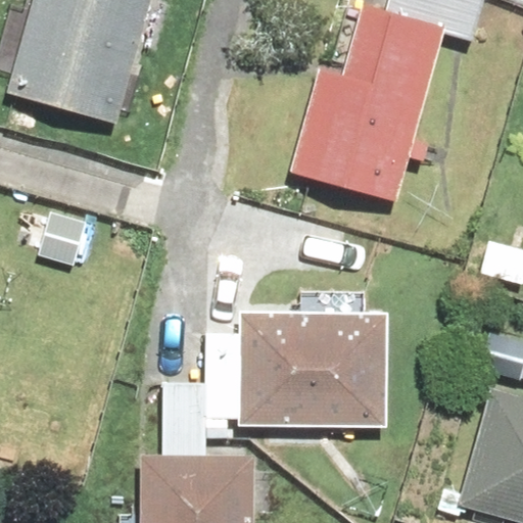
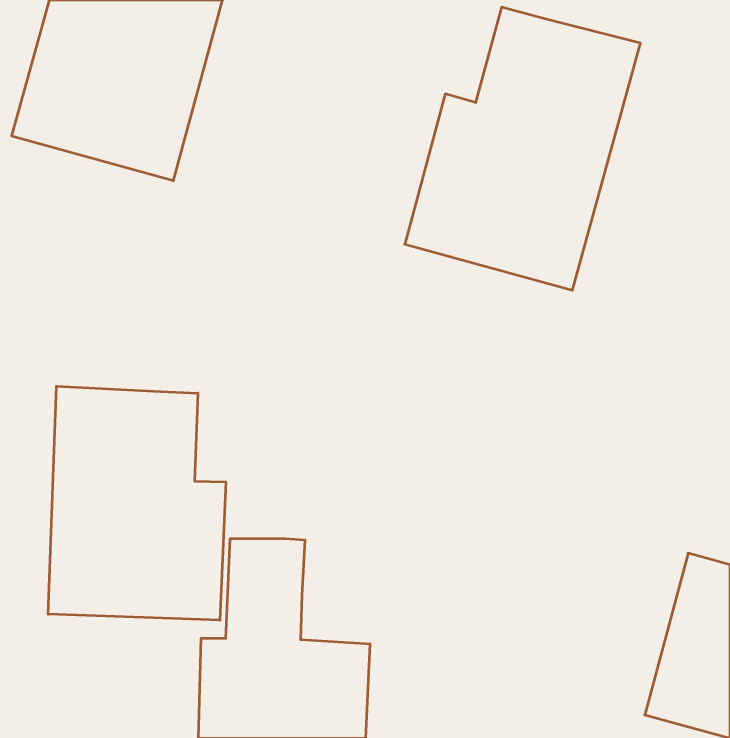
building: none -> [48,386,226,620]
building: [201,308,390,427] -> none

